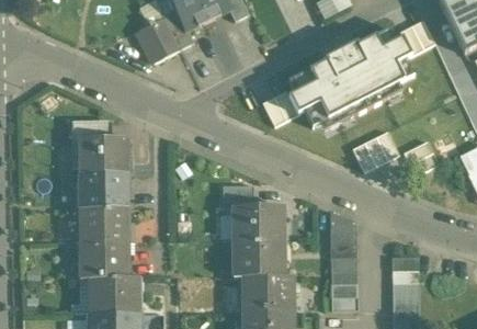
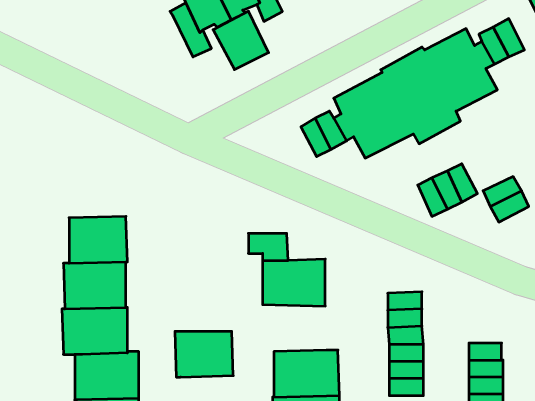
building: [137,18,180,63] -> [213,11,269,70]
building: [72,122,128,173] -> none
building: [238,241,283,276] -> [175,331,233,377]

